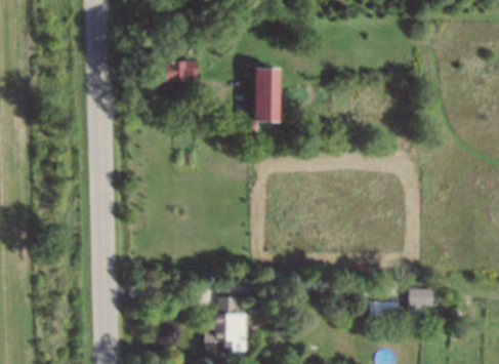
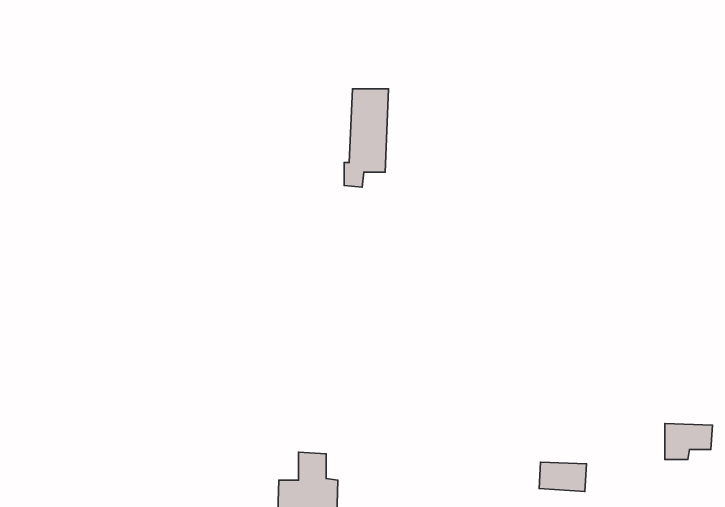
building: [165,62,198,78] -> none
building: [413,289,443,312] -> [665,423,712,459]

